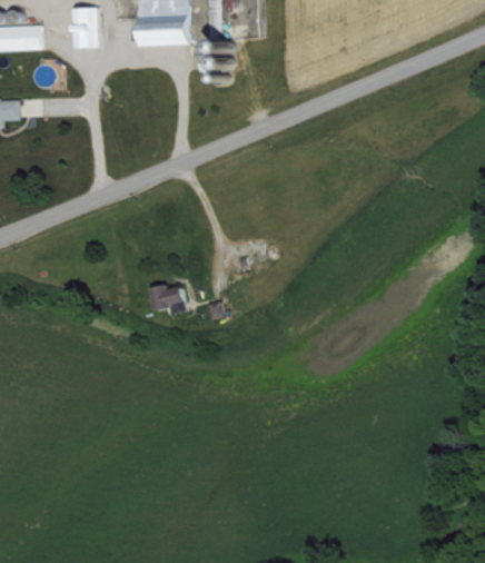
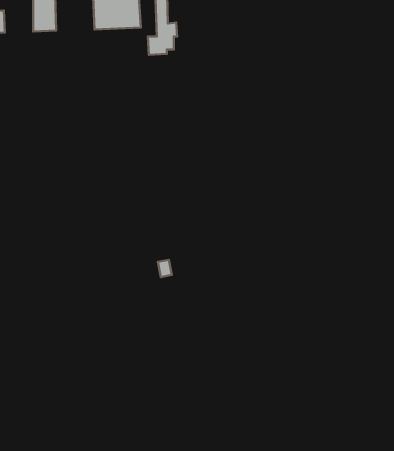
building: [150,284,186,314] -> none

